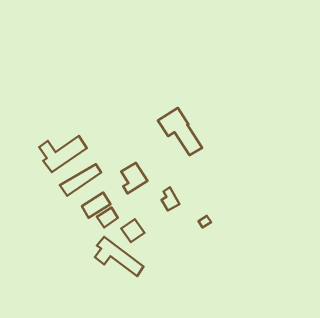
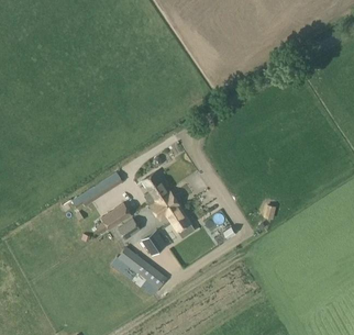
building: [158,108,202,155] -> [150,191,196,241]
building: [39,136,87,172] -> none

